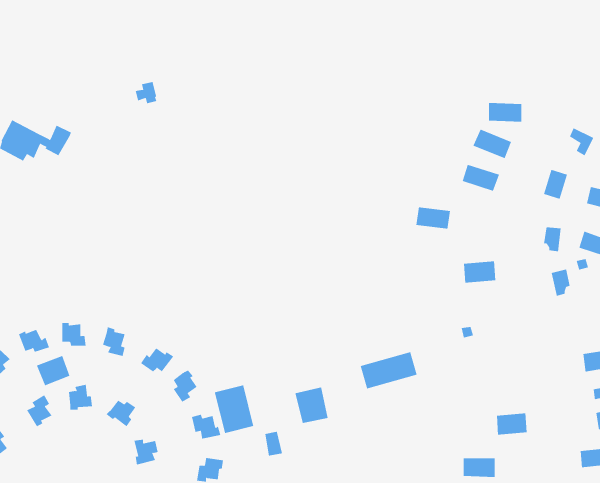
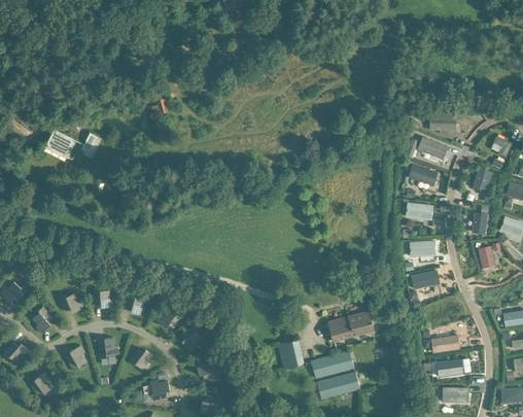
building: [416,207,451,229] -> [406,202,433,219]
building: none -> [411,270,440,289]
building: [36,355,70,386] -> none
building: none -> [431,335,460,353]
building: [214,385,254,434] -> none
building: none -> [311,350,360,399]
building: [463,458,496,477] -> [442,387,467,403]

